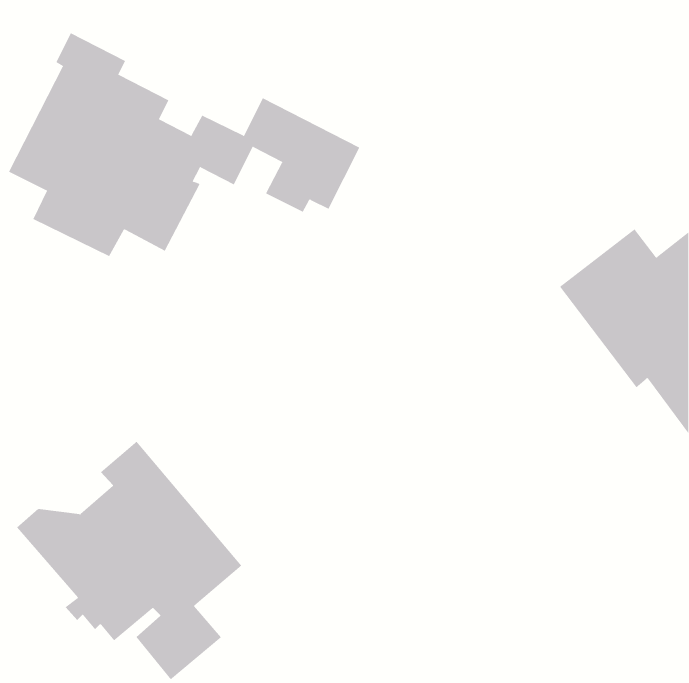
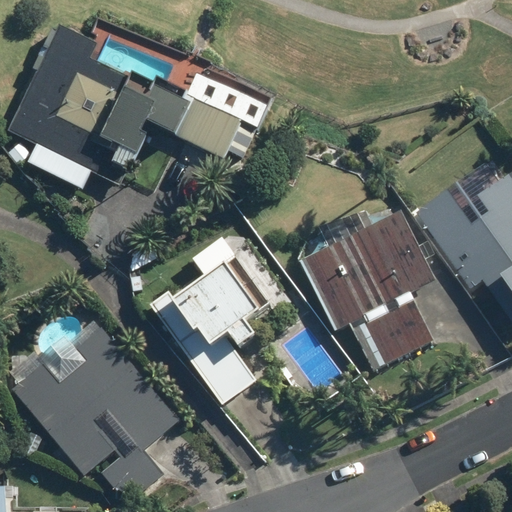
building: none -> [300,210,434,369]
building: none -> [148,235,270,402]

